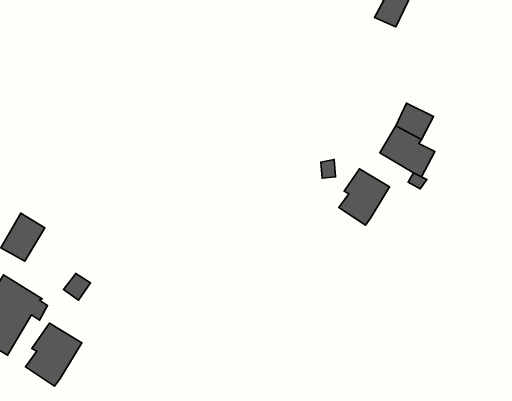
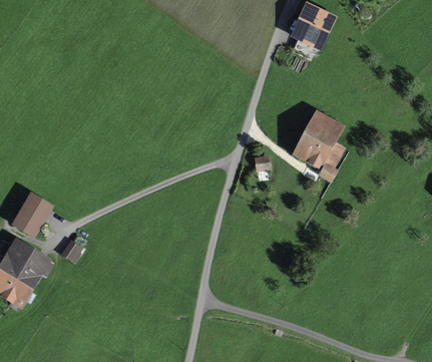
building: [339,169,389,225] -> none
building: [26,323,82,386] -> none

